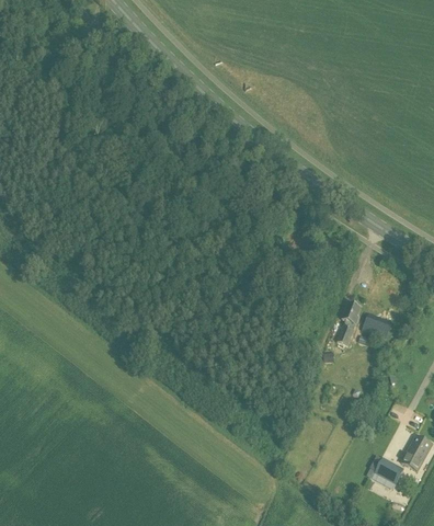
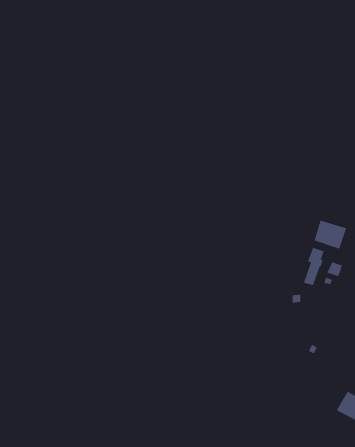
building: none -> [314,220,347,250]

